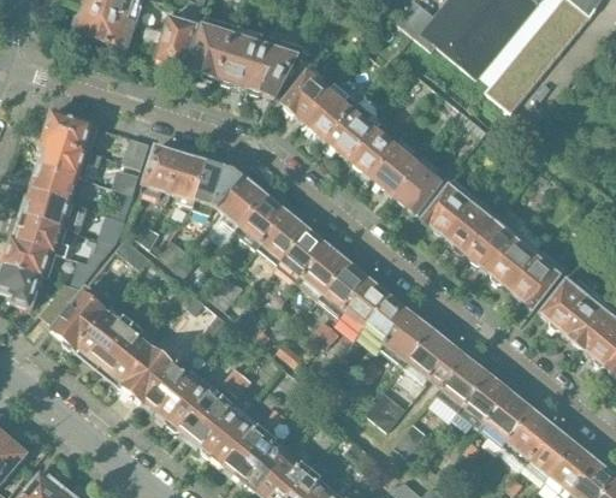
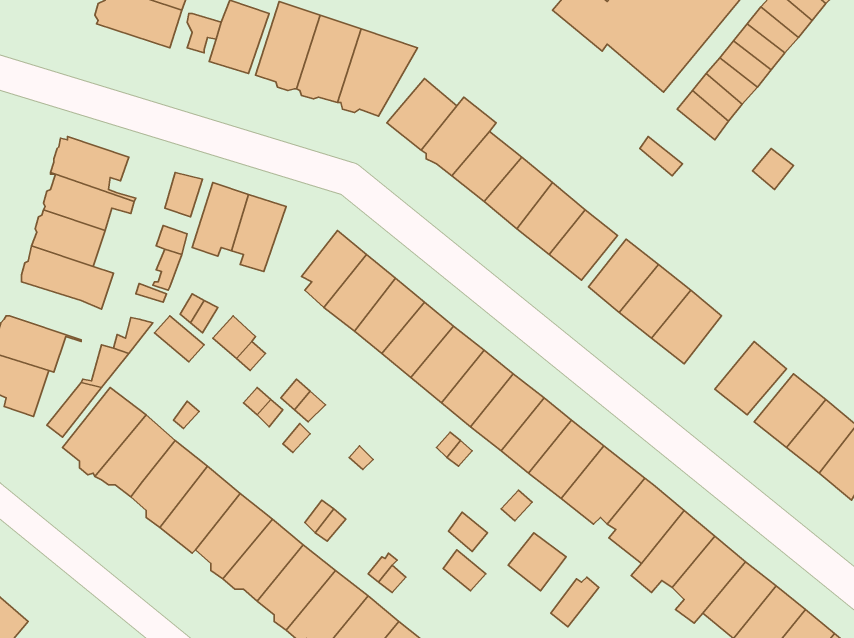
building: [194,160,245,214] -> none
building: [14,213,69,254] -> none
building: [490,237,539,289] -> none

